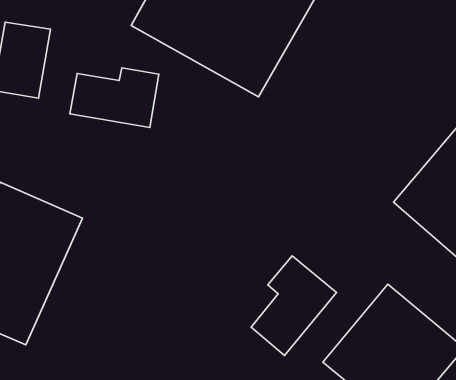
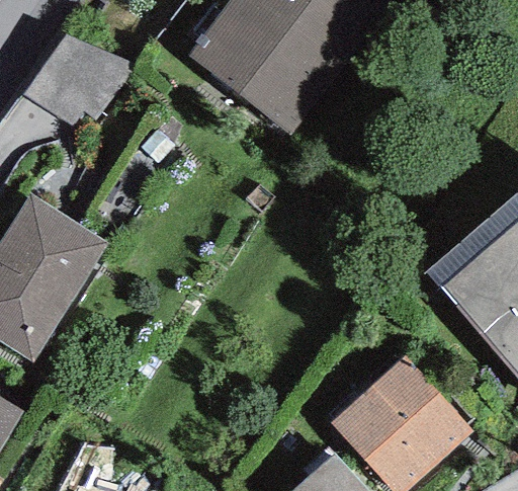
building: [70,68,159,127] -> none
building: [251,256,337,355] -> none

